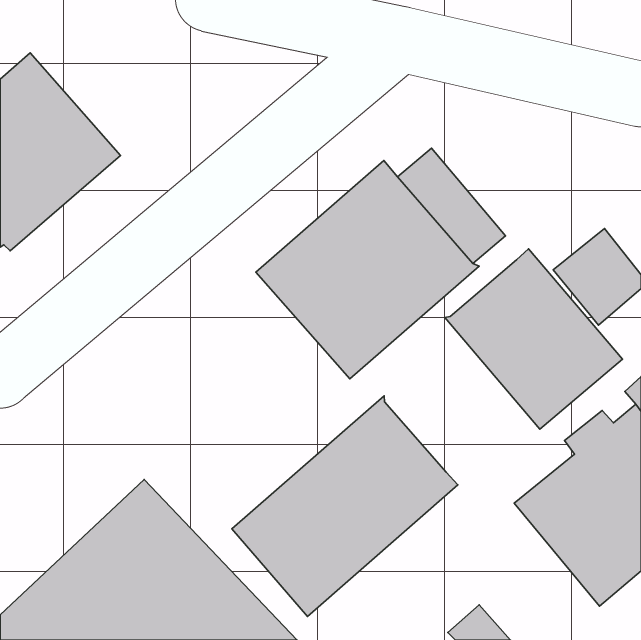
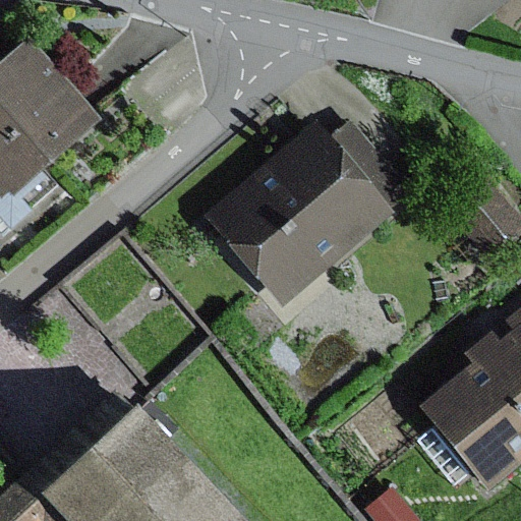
building: [445,249,623,429] -> none
building: [232,396,458,617] -> none

